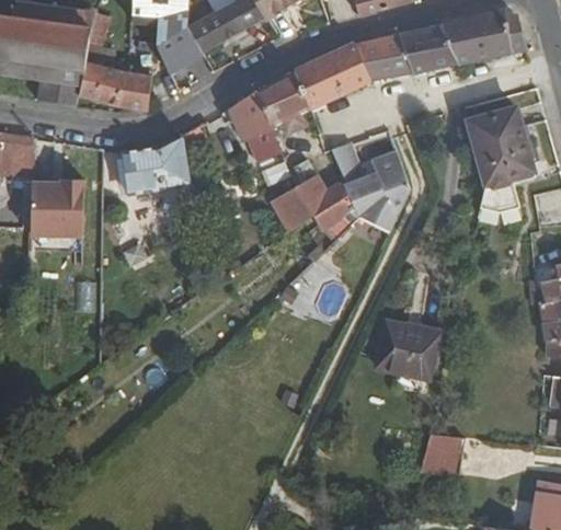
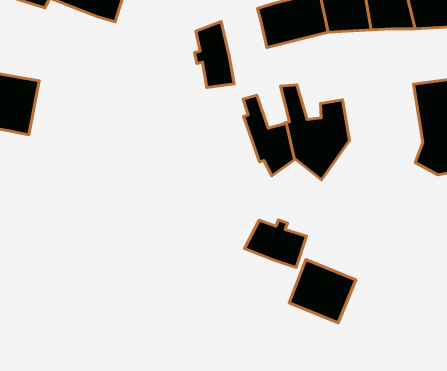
building: [257,70,309,126] -> none
building: [123,126,204,194] -> none
building: [271,183,314,231] -> none
building: none -> [244,220,307,267]

